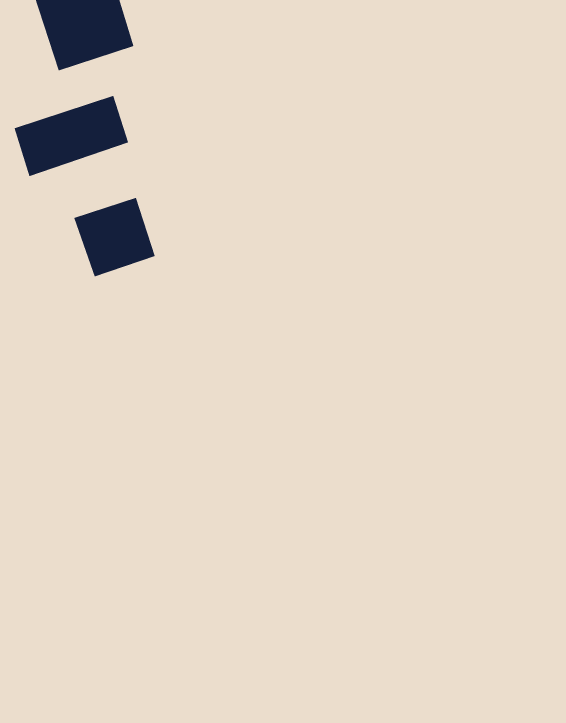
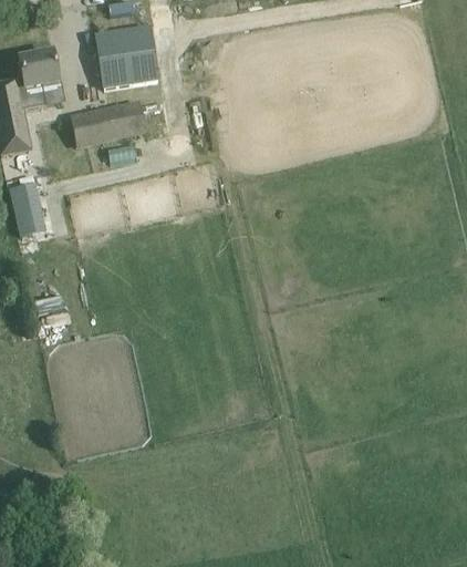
building: [73,197,156,278] -> none

